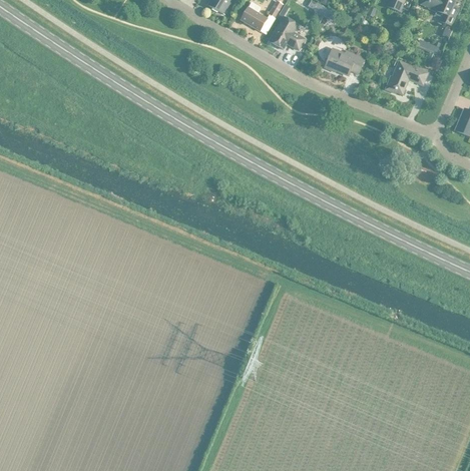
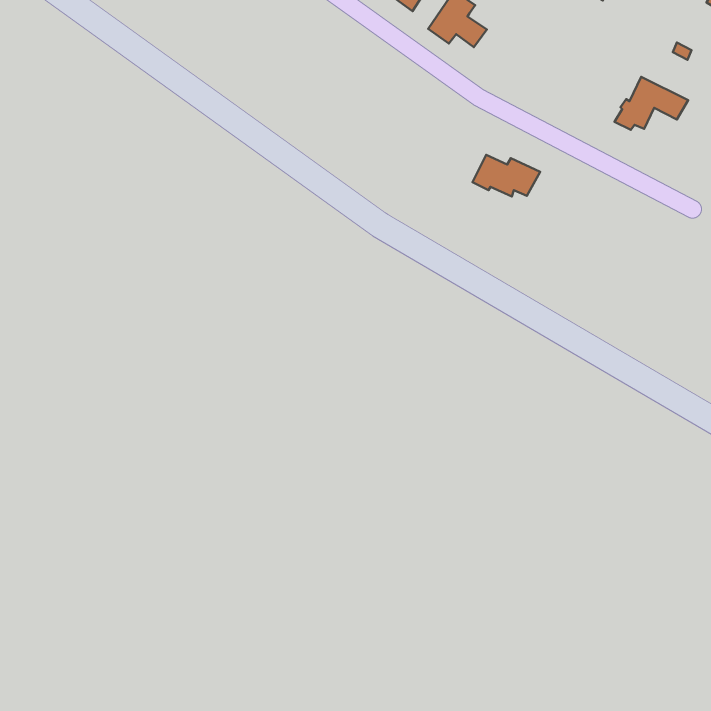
building: [325,49,365,73] -> [472,155,540,197]

